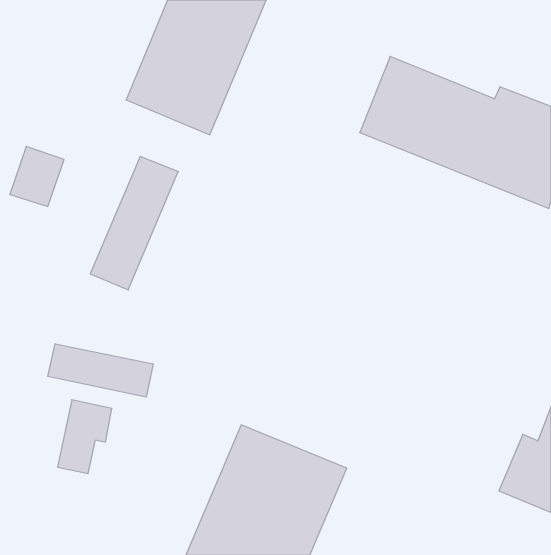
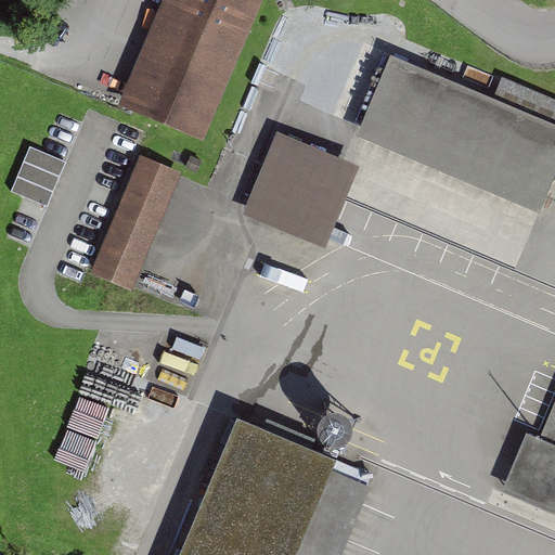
building: none -> [242,134,352,246]
building: [48,344,153,397] -> none

